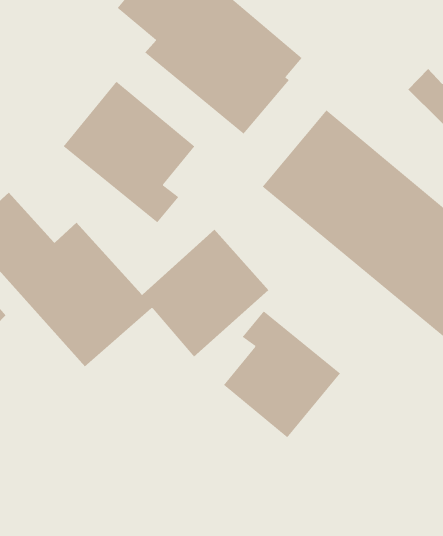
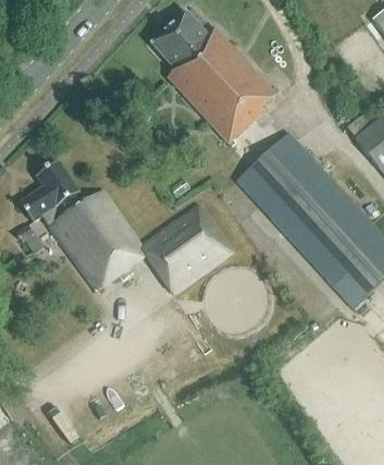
building: [63,81,195,223] -> none
building: [223,311,341,438] -> none

